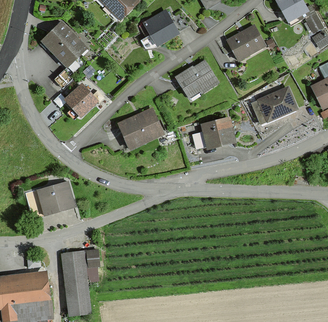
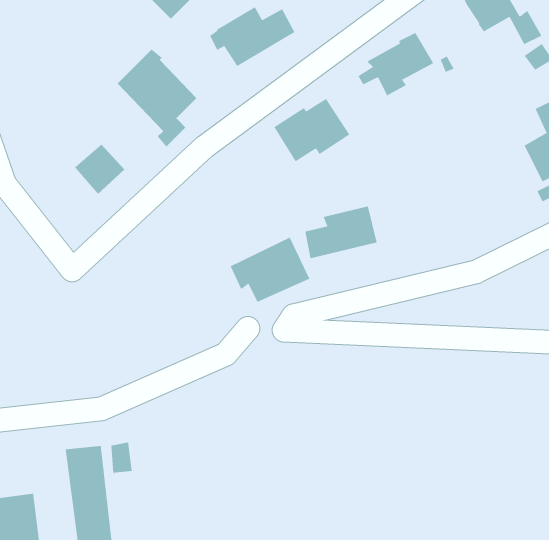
building: [42,21,86,75] -> [117,49,197,148]
building: [259,88,296,120] -> none
building: [119,109,163,145] -> [230,237,310,303]
building: [38,181,74,215] -> none

